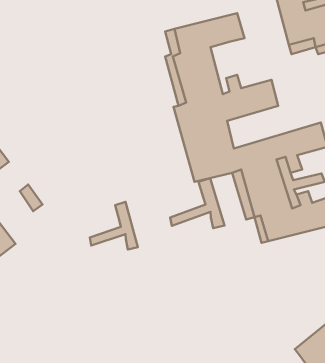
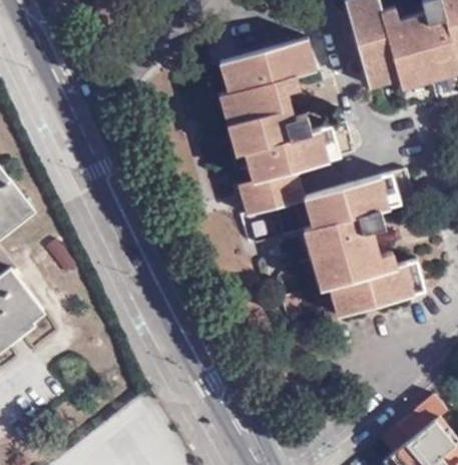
building: none -> [276,72,327,135]
building: [170,178,224,228] -> none
building: [90,202,138,249] -> none

